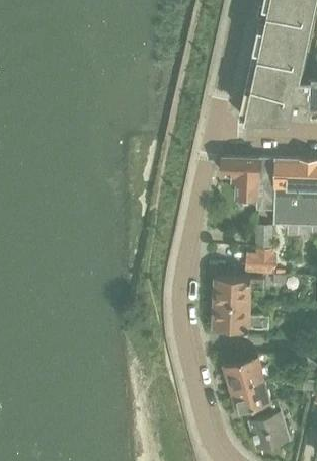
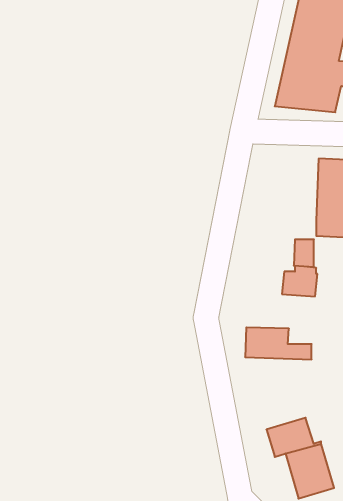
building: [222,158,275,212] -> none
building: [214,278,264,304] -> none
building: [224,357,264,390] -> none

